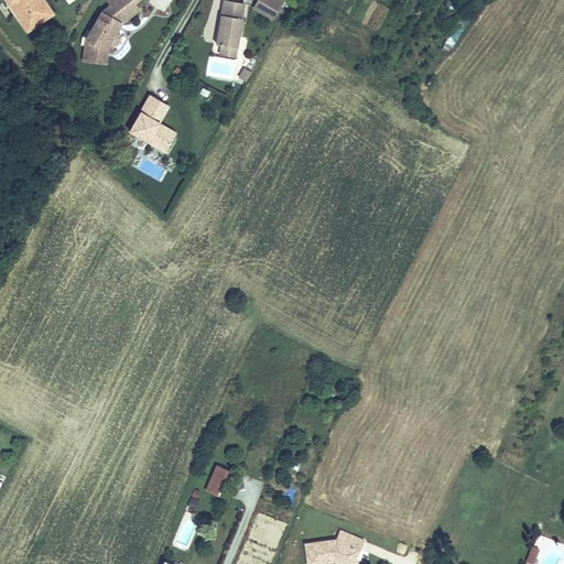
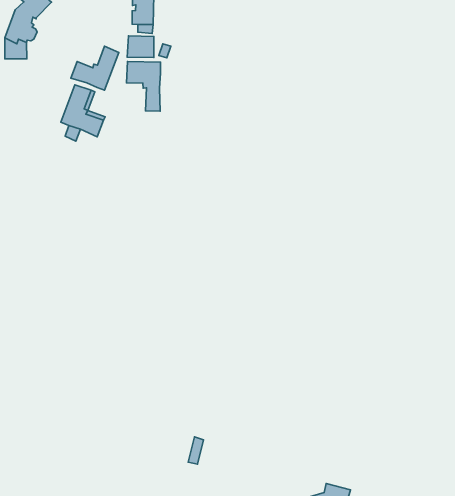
building: none -> [71,46,119,90]
building: none -> [126,62,160,111]

